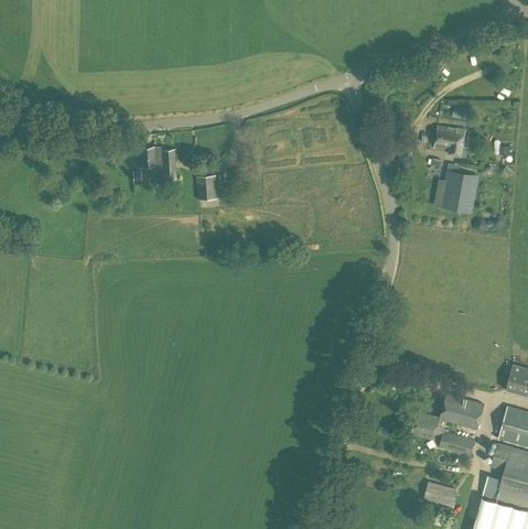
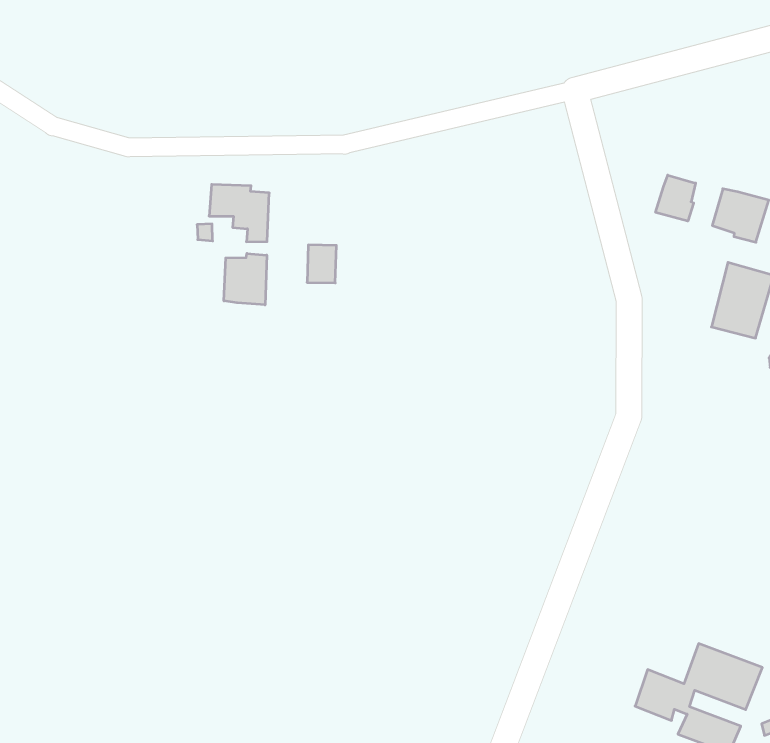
building: none -> [656,175,696,221]
building: none -> [224,253,267,305]

